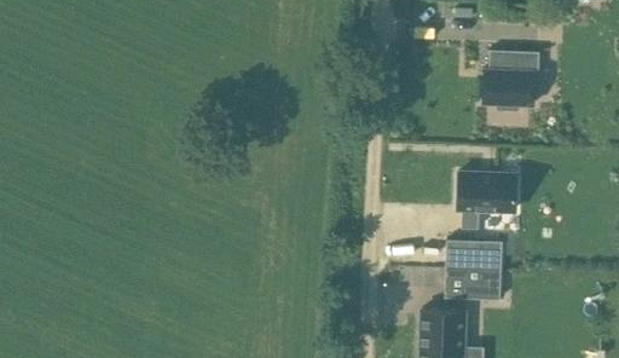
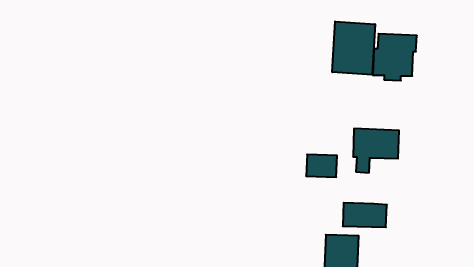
building: none -> [332,21,375,75]
building: [446,241,486,270] -> [306,154,337,177]

